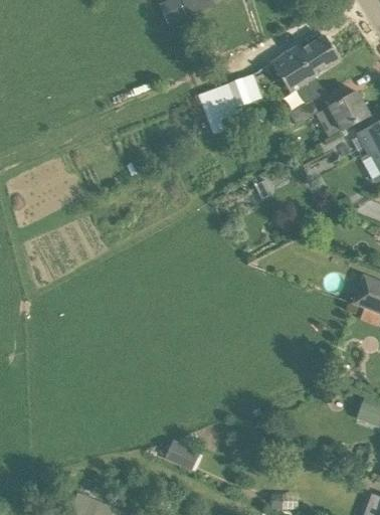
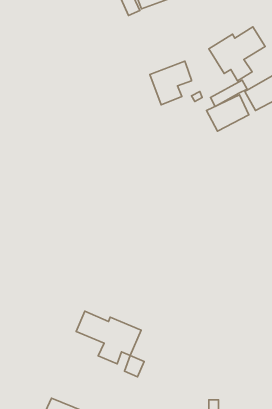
building: none -> [207,95,249,131]
building: none -> [76,311,141,364]

